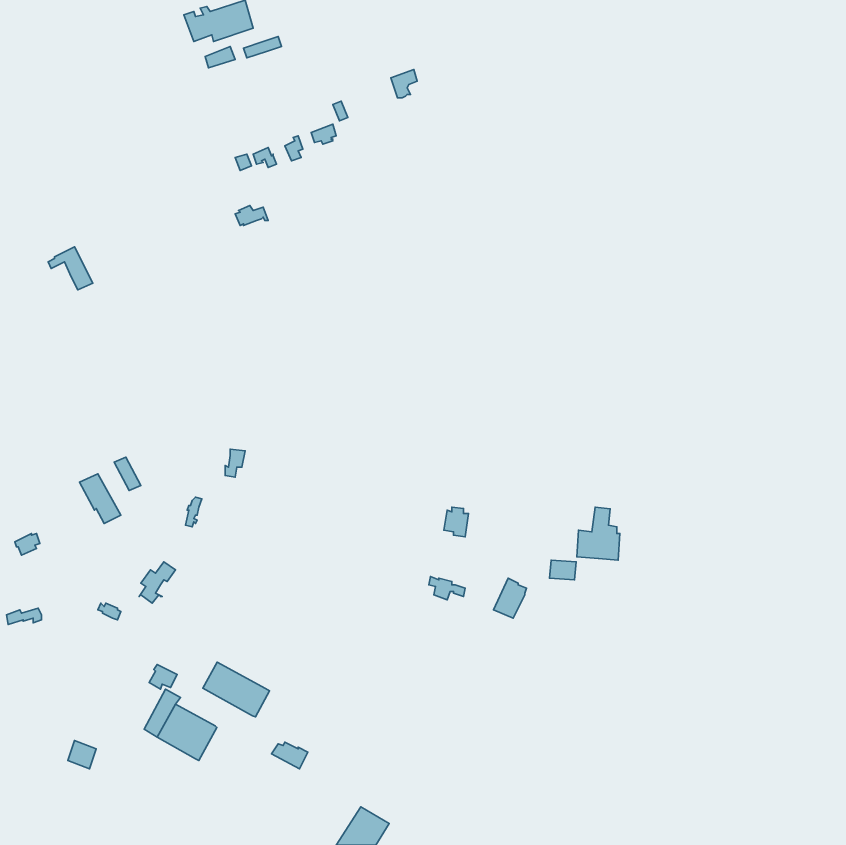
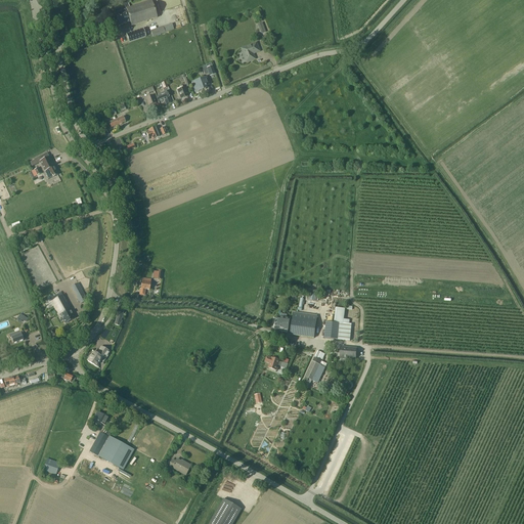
building: none -> [291,311,316,337]
building: [577,507,620,560] -> [324,307,351,340]
building: [203,662,270,717] -> none

